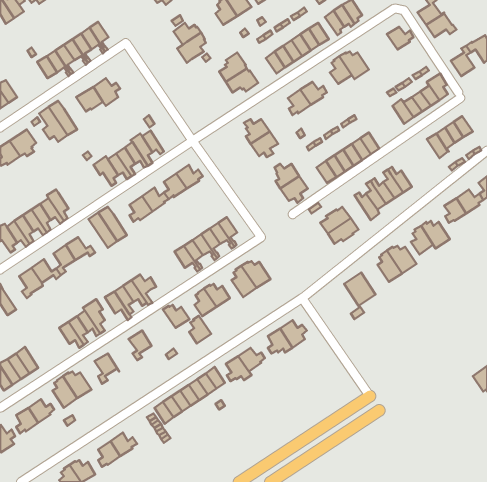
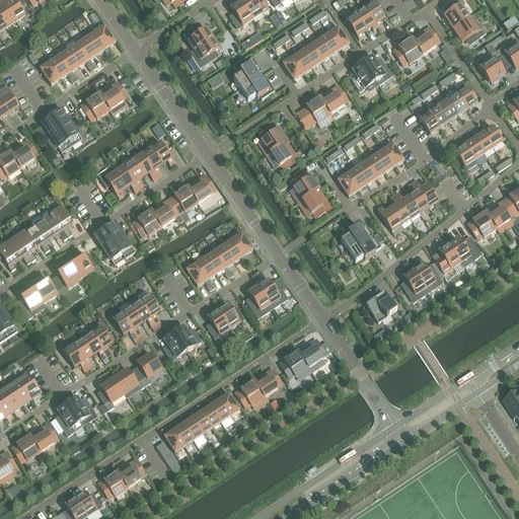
building: none -> [398,36,423,64]
building: [189,316,211,343] -> [163,329,187,359]
building: none -> [115,367,146,395]

